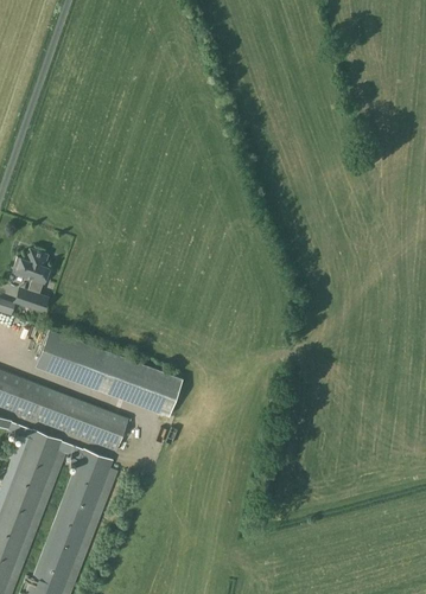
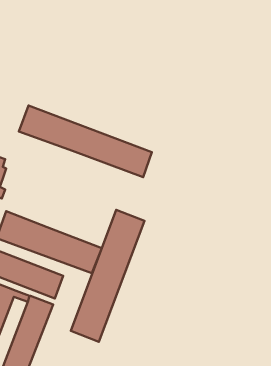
building: none -> [19,106,152,177]
building: none -> [71,210,144,342]

